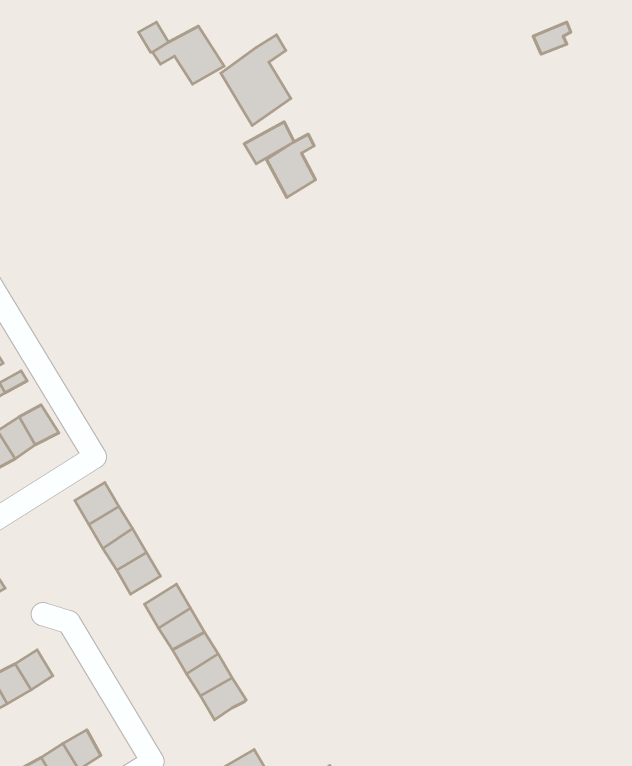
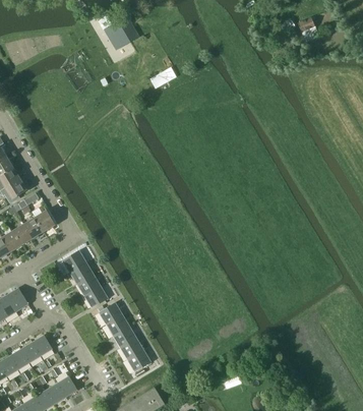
building: [221,35,291,125] -> none
building: [267,134,316,197] -> none

